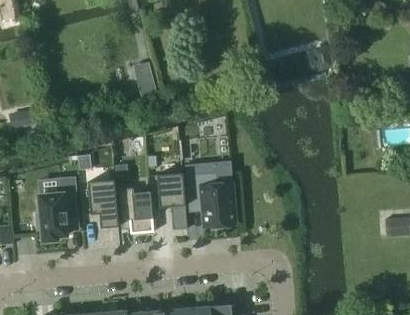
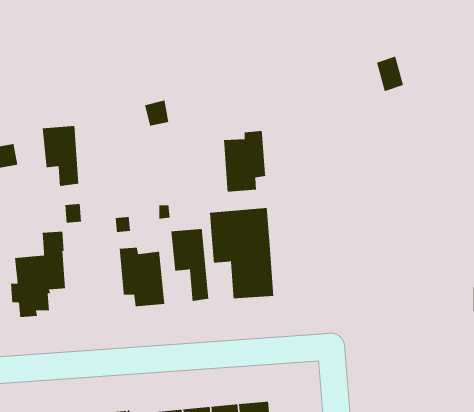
building: none -> [223,130,266,193]
building: [88,181,116,227] -> [42,125,79,187]

